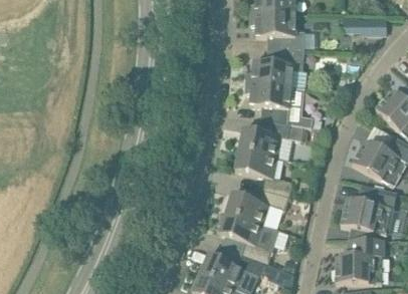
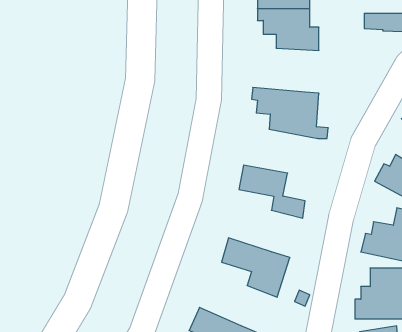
building: [246,47,303,85] -> none
building: [238,117,302,156] -> none
building: [225,188,289,224] -> none
building: [200,252,267,288] -> none

